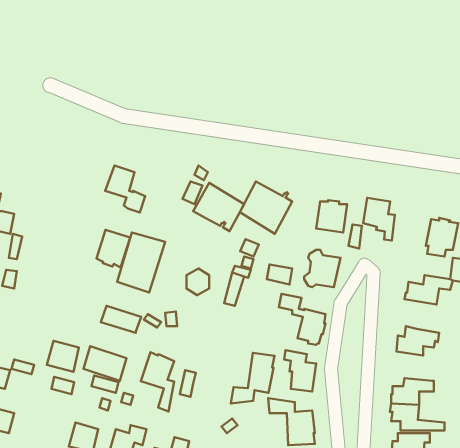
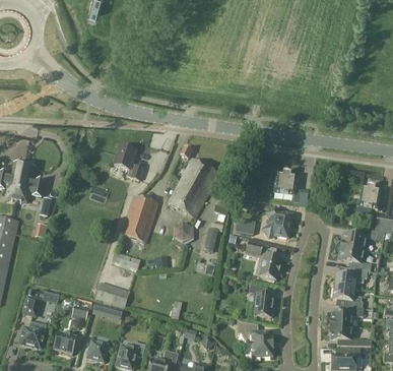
building: [240,182,292,234] -> [169,179,208,219]
building: [363,198,395,241] -> none
building: [96,230,130,267] -> none
building: none -> [339,246,372,271]
building: [47,341,79,372] -> [53,331,77,355]
building: none -> [333,286,364,308]
building: [141,352,174,412] -> none
building: [231,353,275,403] -> none

